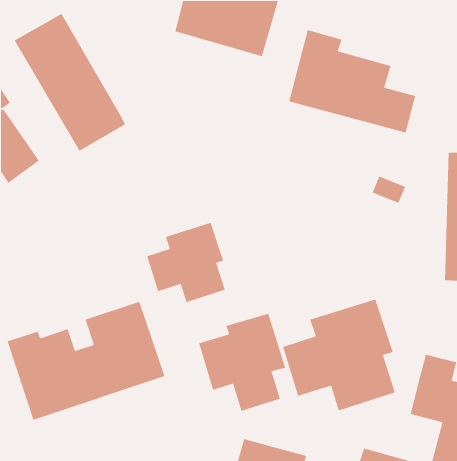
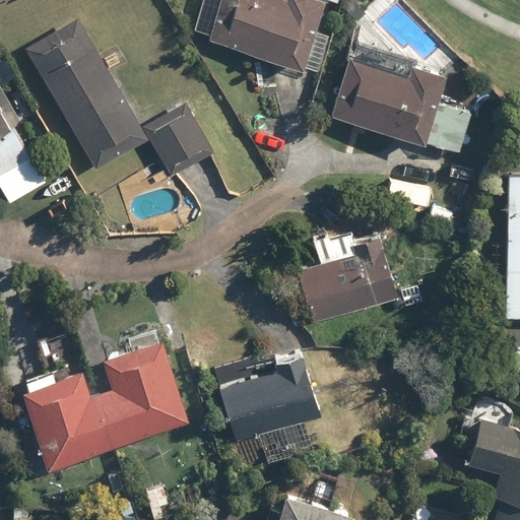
building: none -> [143,105,219,182]
building: none -> [294,224,401,326]
building: [146,222,226,303] -> none
building: [282,298,396,412] -> none

